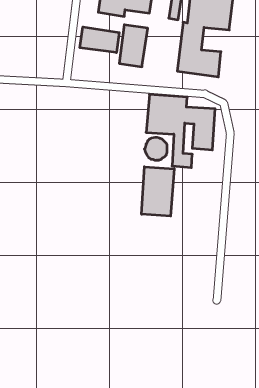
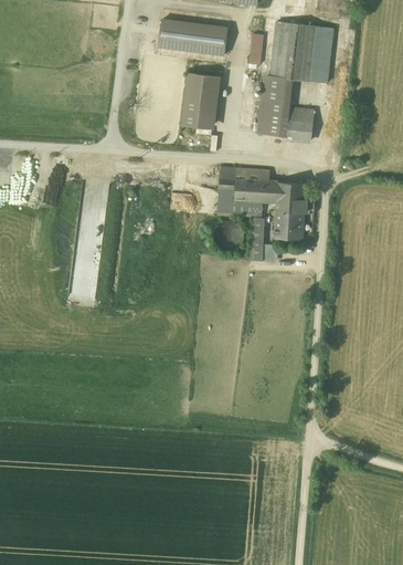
building: [80,27,119,53] -> none
building: [142,167,174,216] -> none

